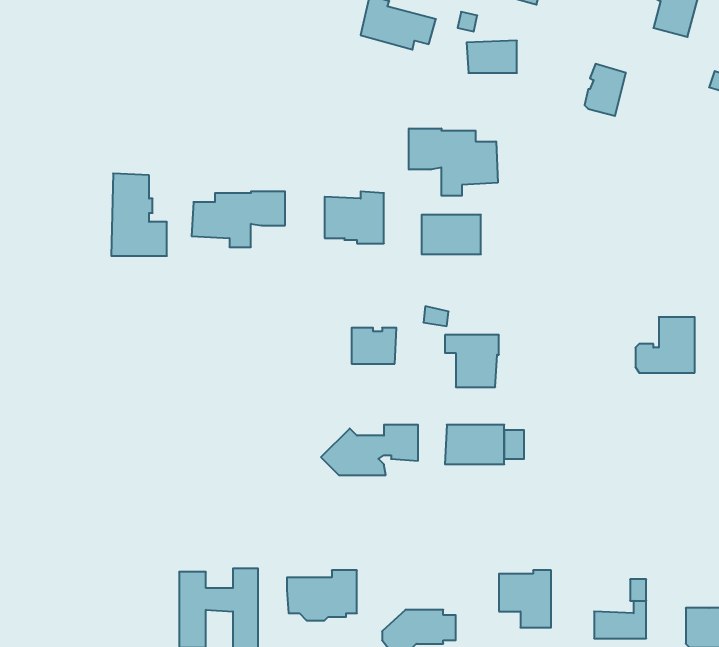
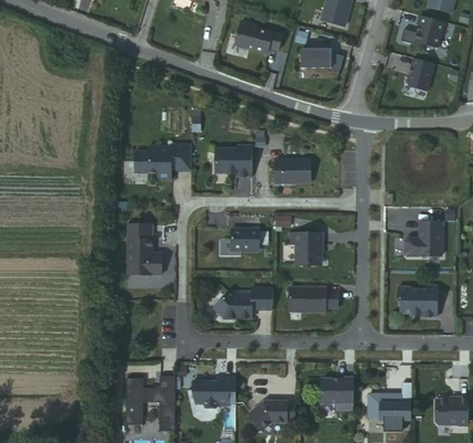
building: [585,64,626,116] -> [409,60,434,92]
building: [409,128,498,196] -> none
building: [111,173,167,256] -> [126,223,160,274]
building: none -> [399,285,438,316]

